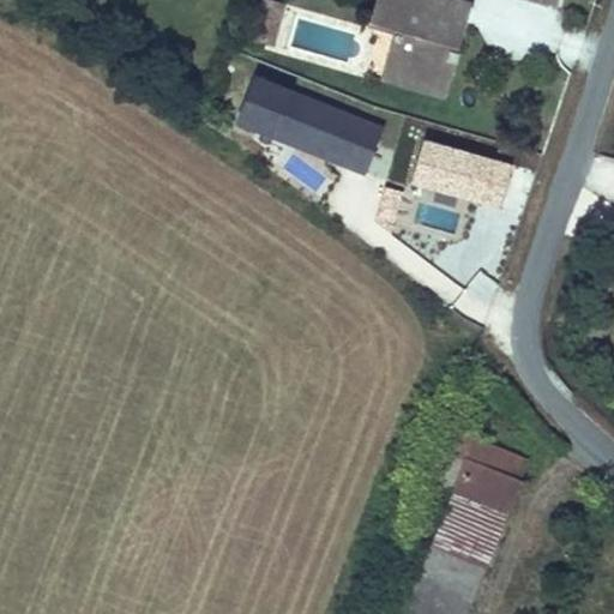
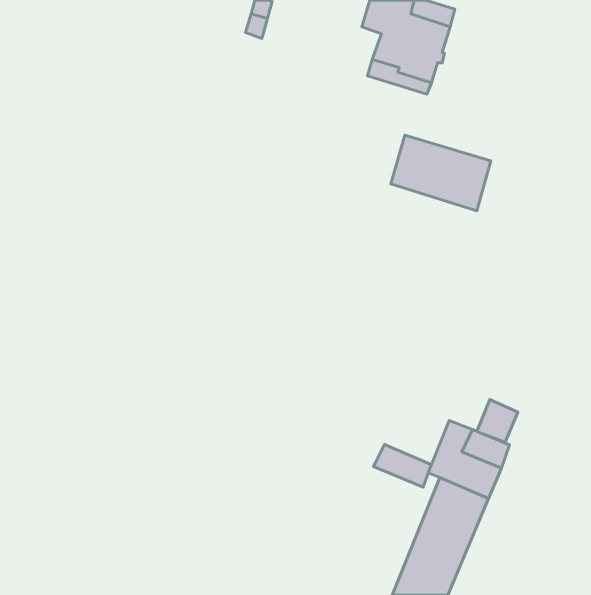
building: [246,78,384,167] -> none
building: none -> [477,400,518,442]
building: none -> [374,445,431,487]

